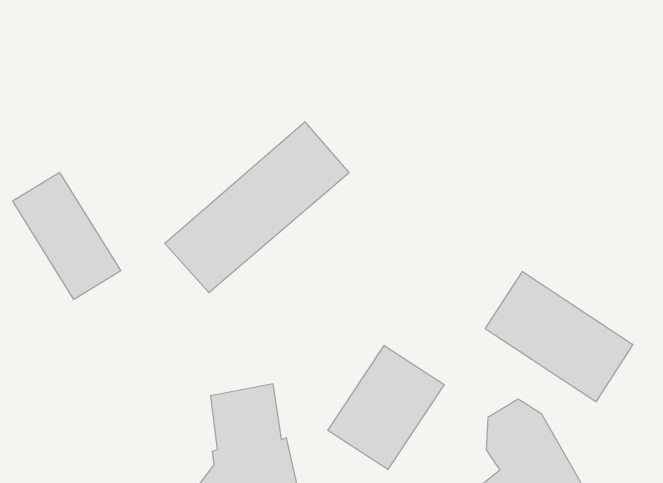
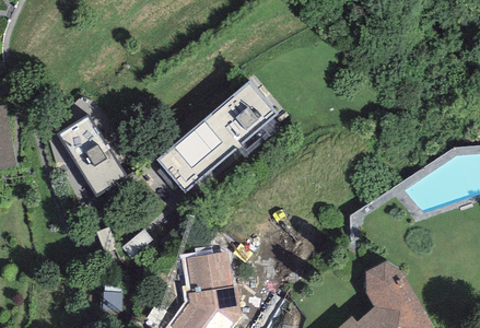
building: [485,271,633,402] -> none
building: [328,345,444,470] -> none

